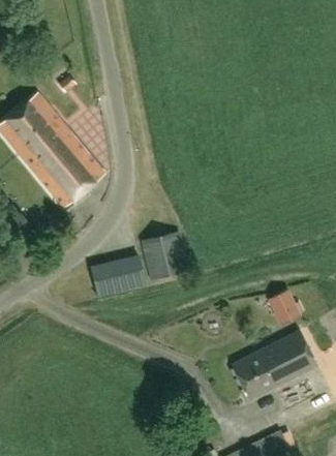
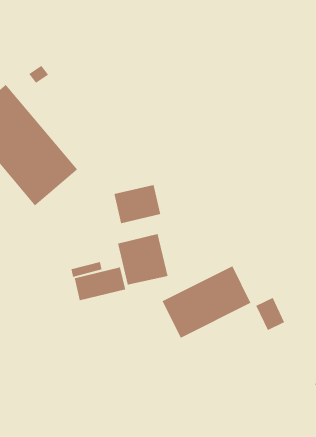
building: none -> [114,184,161,224]
building: [232,331,315,399] -> [161,265,252,339]

